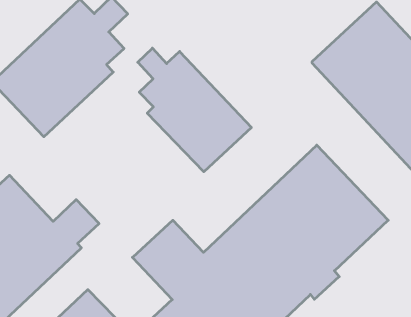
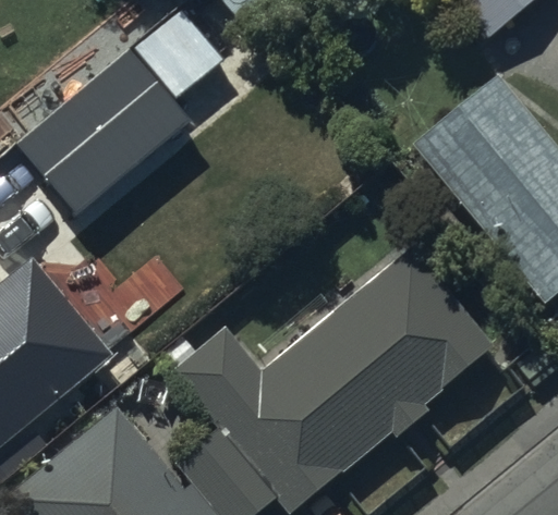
building: [138,48,251,172] -> none

